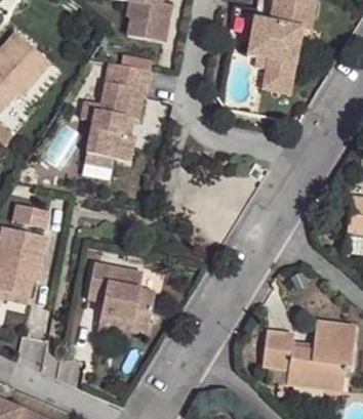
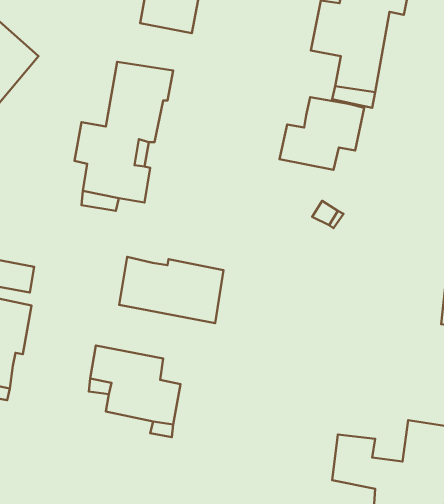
building: none -> [280,97,364,170]
building: none -> [119,257,224,323]

